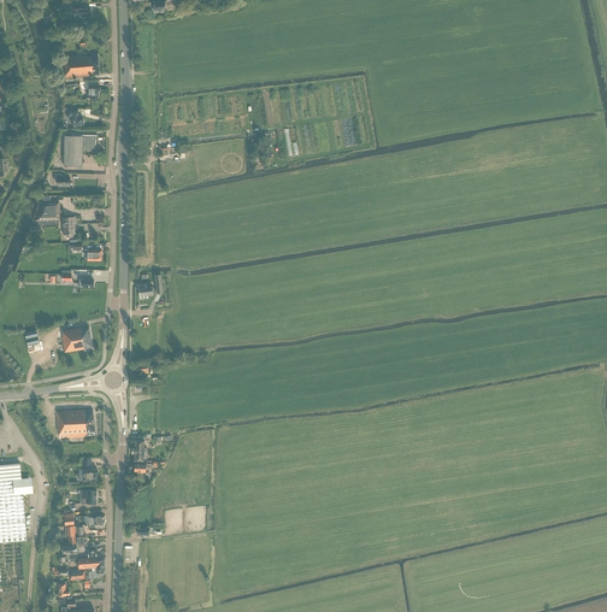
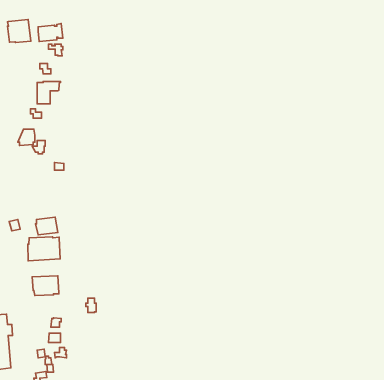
building: none -> [7,19,31,43]
building: none -> [28,237,60,261]

